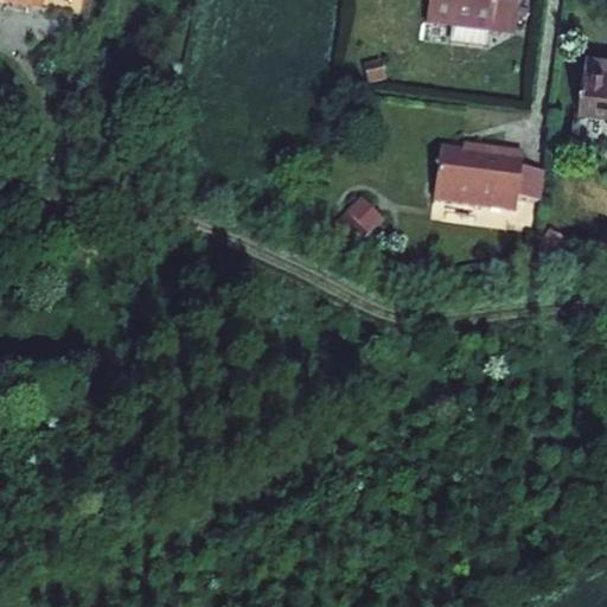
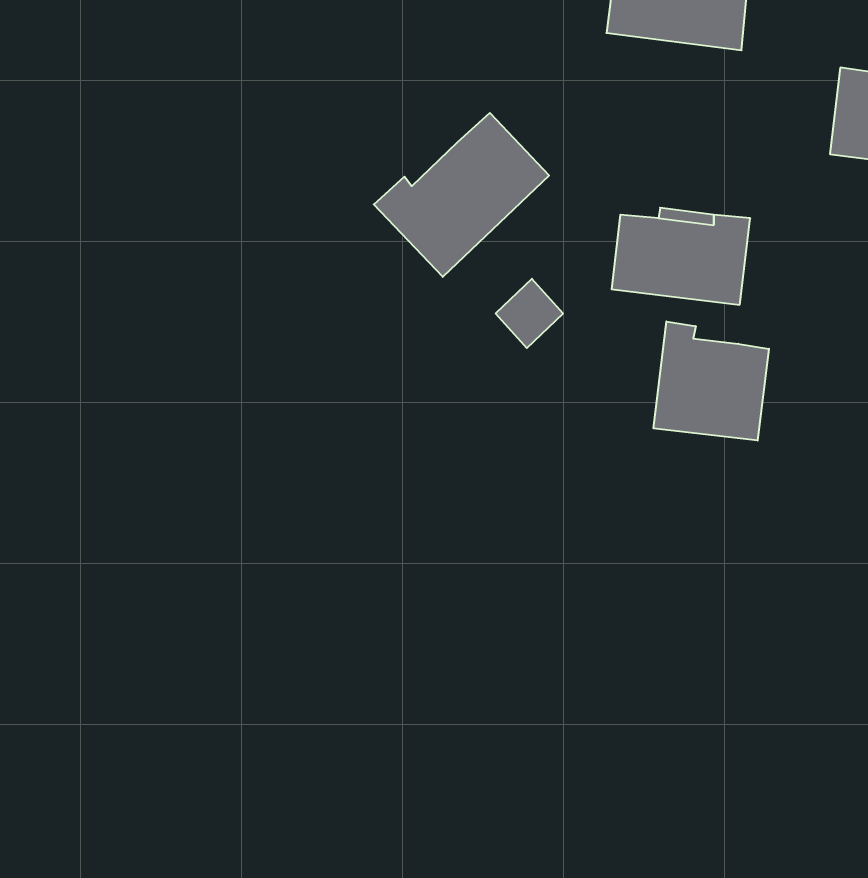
building: none -> [374,113,549,277]
building: none -> [654,321,769,441]

